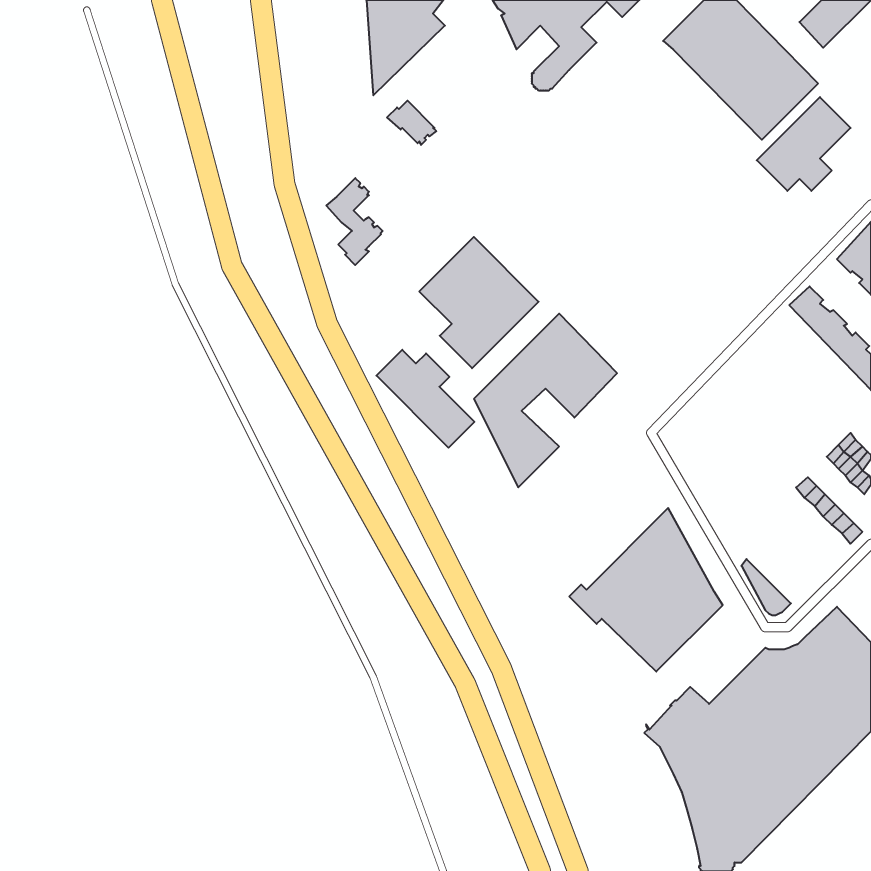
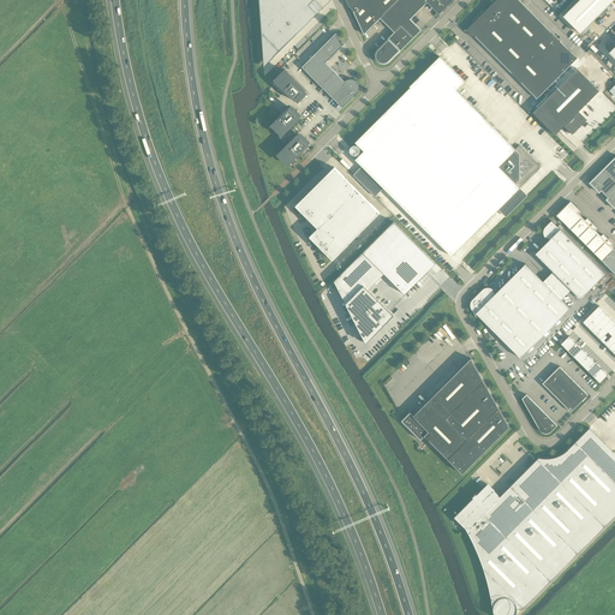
building: none -> [303,34,359,108]
building: none -> [354,56,537,256]
building: [326,178,383,265] -> [270,106,310,167]
building: none -> [536,221,604,299]
building: [376,350,474,448] -> none
building: none -> [470,264,569,358]
building: none -> [543,366,587,412]

